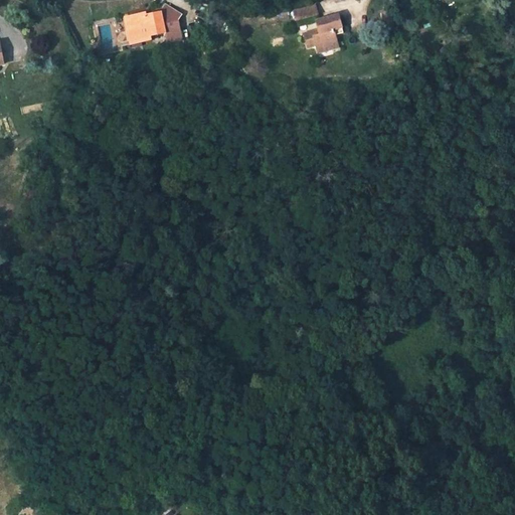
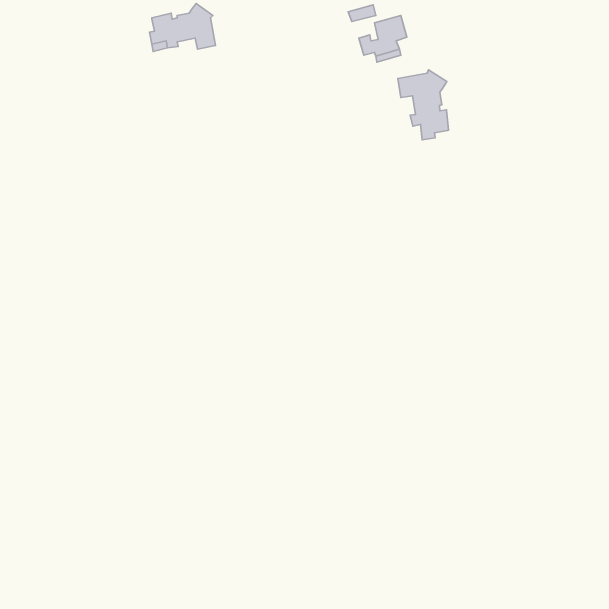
building: none -> [398,70,449,140]

